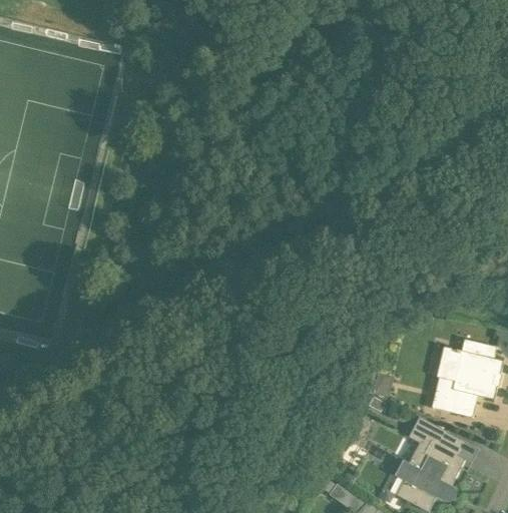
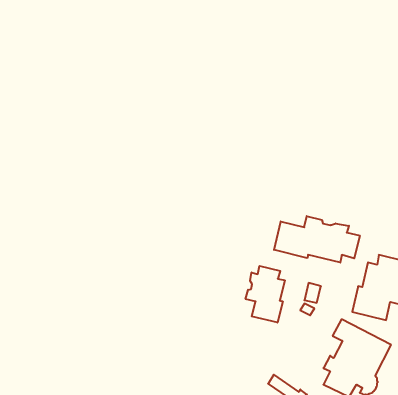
building: none -> [274,216,360,263]
building: none -> [246,266,285,323]

